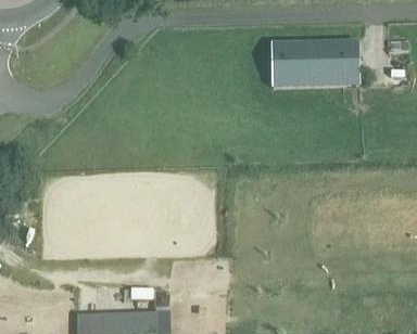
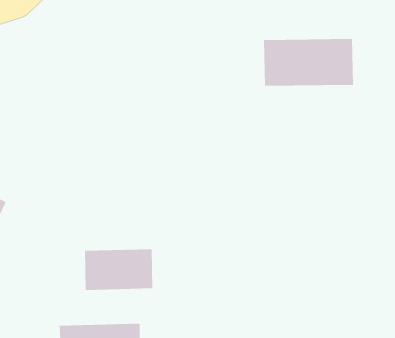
building: none -> [84,248,153,291]

